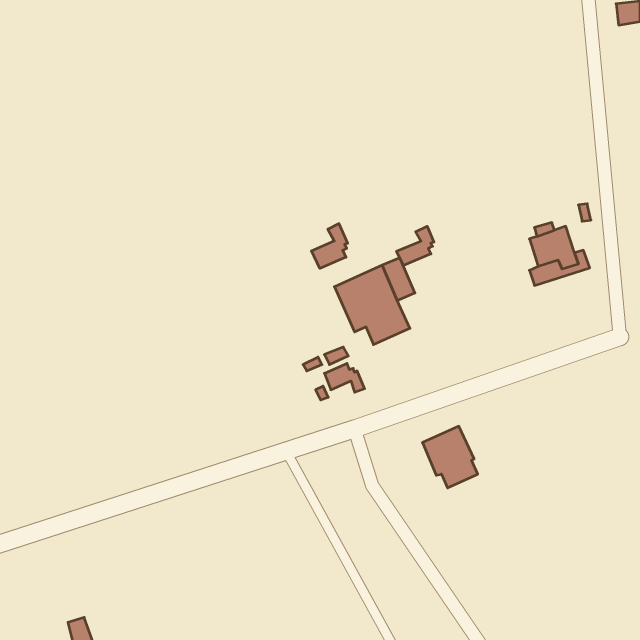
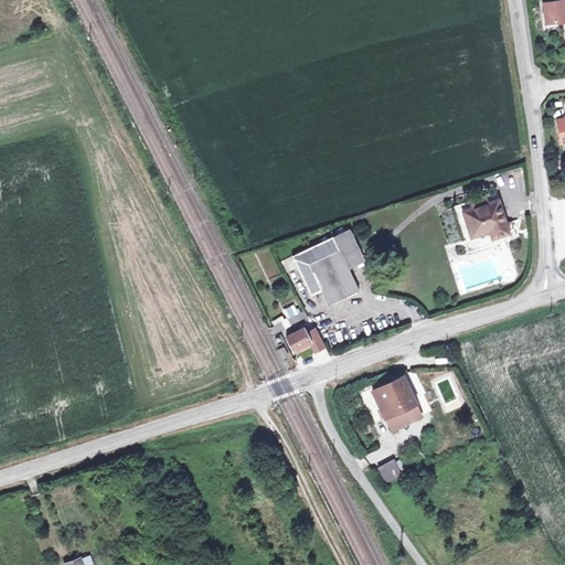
building: [311,224,348,268] -> none
building: [397,226,434,265] -> none
building: none -> [374,458,405,486]

